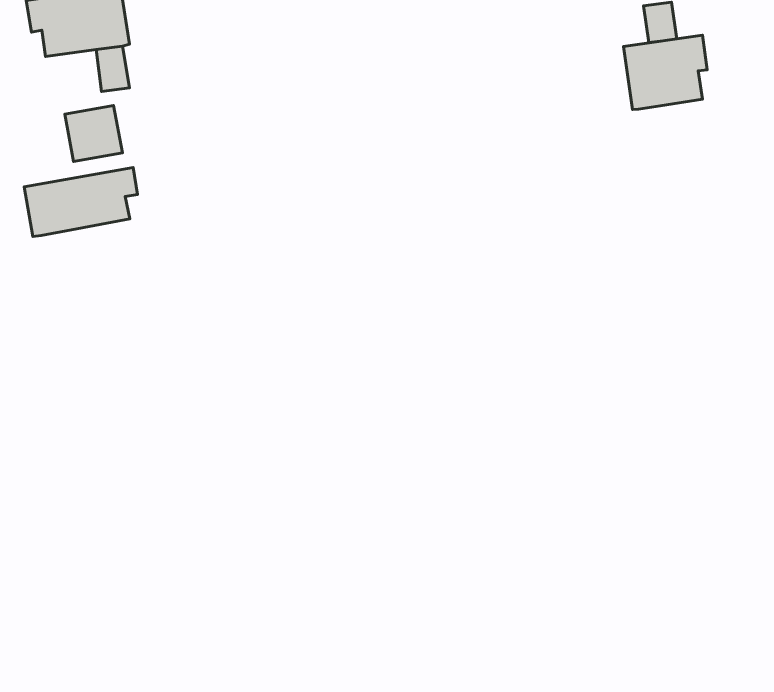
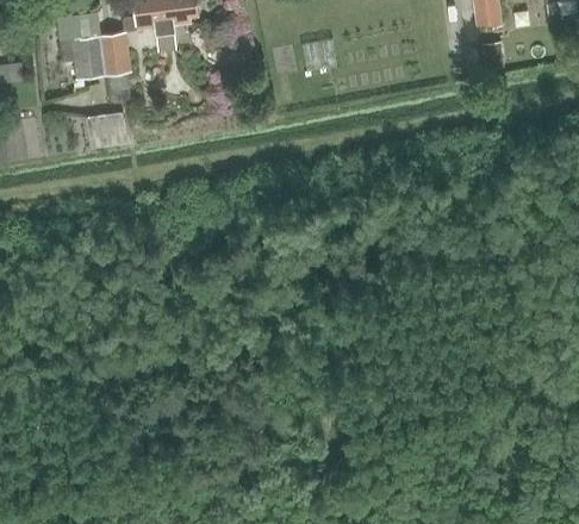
building: [624,35,707,109] -> none
building: [24,168,137,236] -> none

